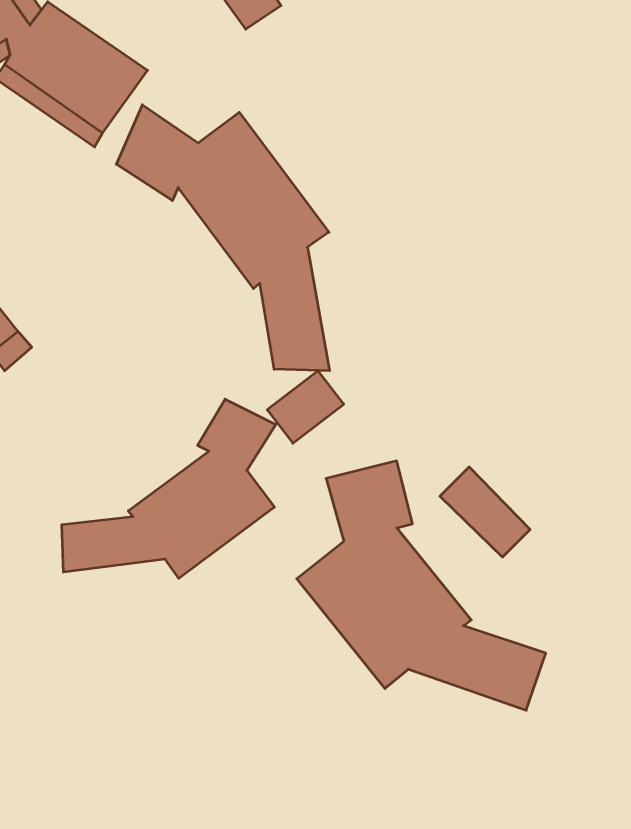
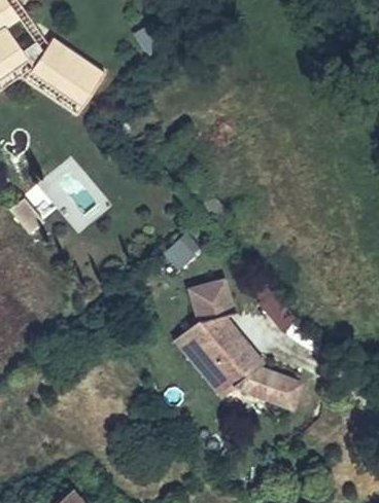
building: [116,105,330,371] -> none
building: [62,399,276,578] -> none

